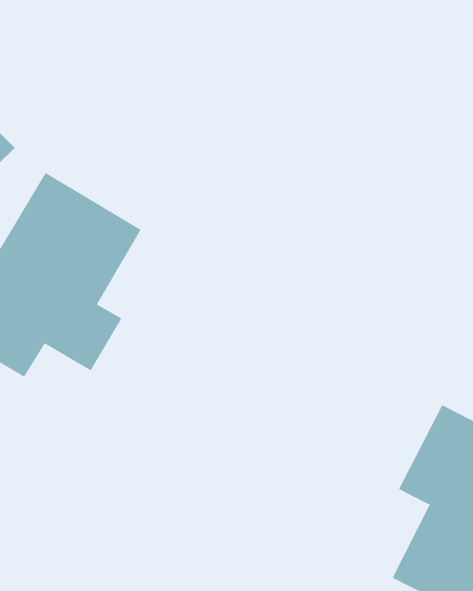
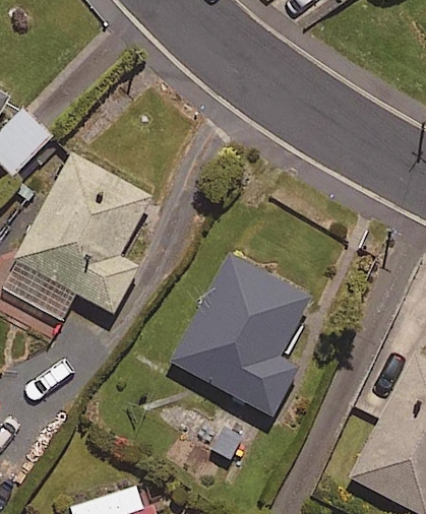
building: none -> [174,255,310,414]

